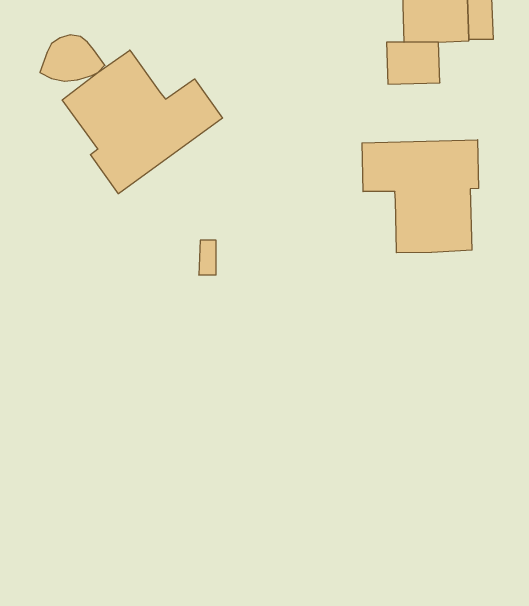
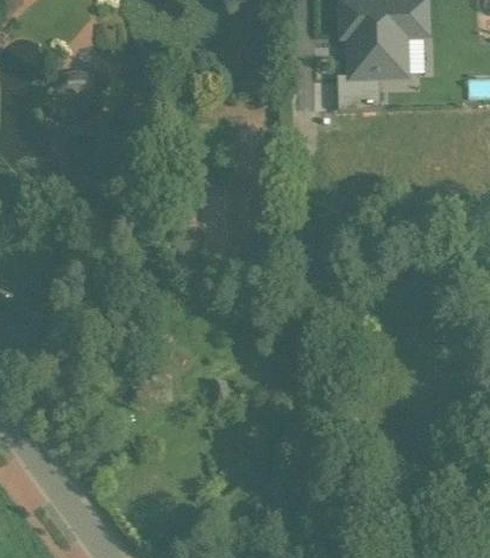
building: [62,50,223,194] -> none
building: [362,140,479,253] -> none

